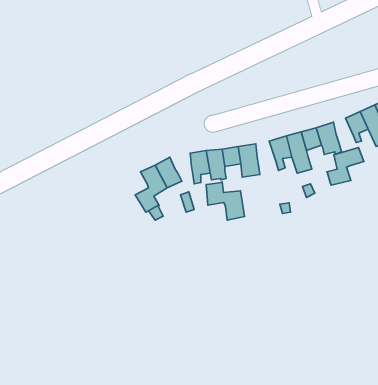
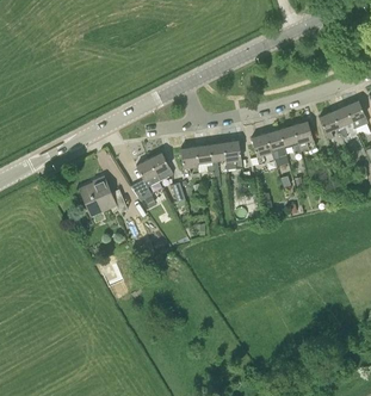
building: [327,147,364,185] -> none
building: [206,182,244,220] -> none
building: none -> [78,175,128,212]

